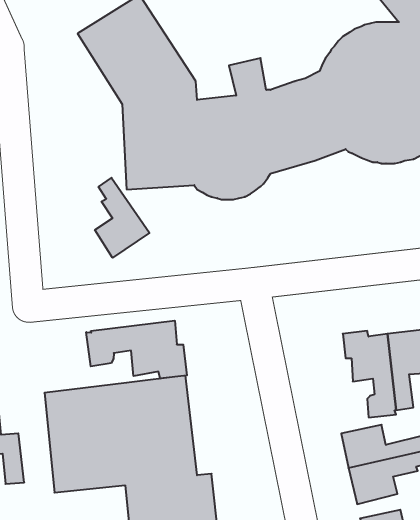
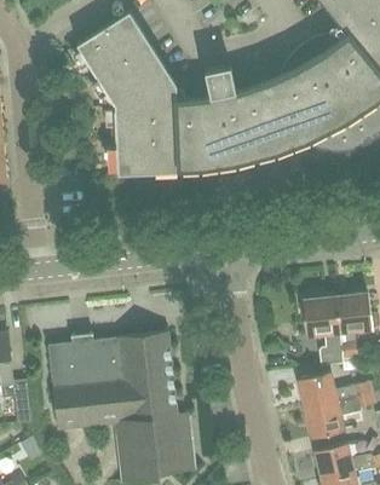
building: [95,178,149,258] -> none
building: [86,321,187,379] -> none

